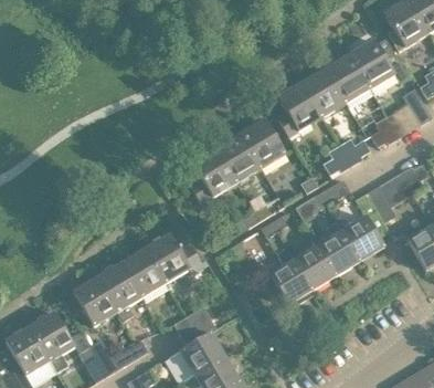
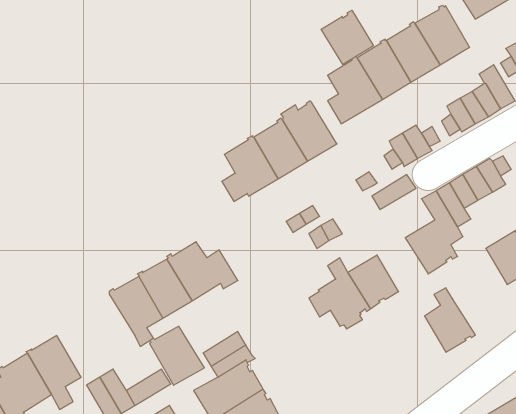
building: none -> [321,10,373,65]
building: [318,222,360,275] -> [425,288,475,352]
building: [73,277,118,326] -> [150,326,204,385]

